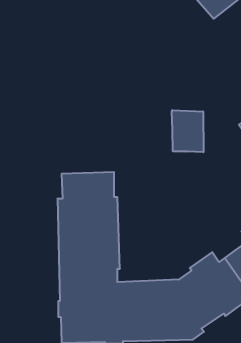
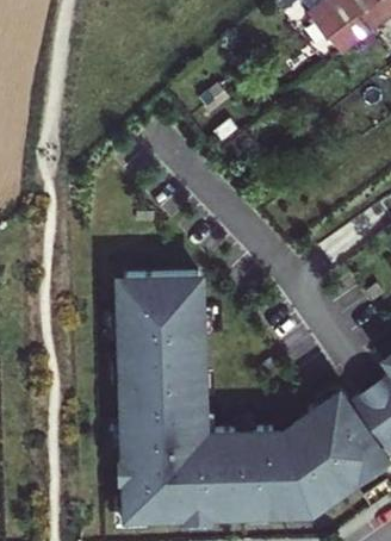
building: [172,110,203,152] -> none

